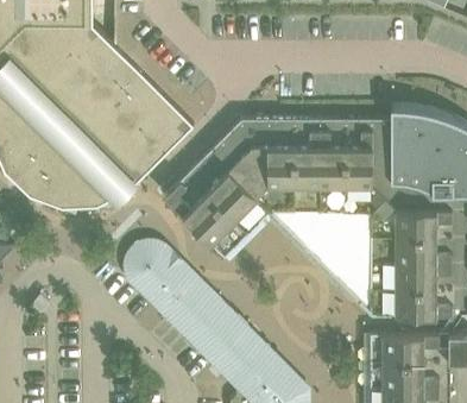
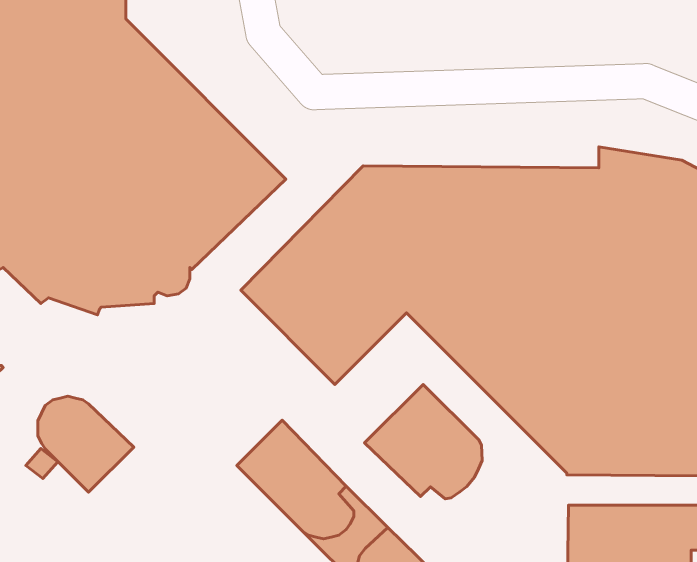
building: [131,247,191,308] -> [38,396,134,492]
building: none -> [365,384,482,499]

